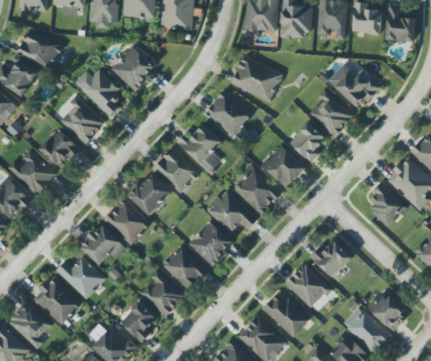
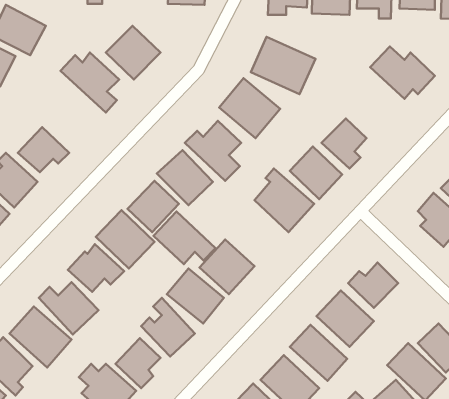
building: [309,89,353,137] -> none
building: [60,95,104,143] -> none
building: [206,189,257,232] -> [153,212,216,264]

